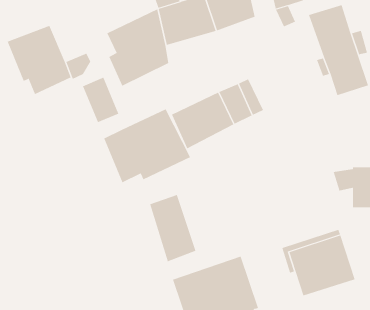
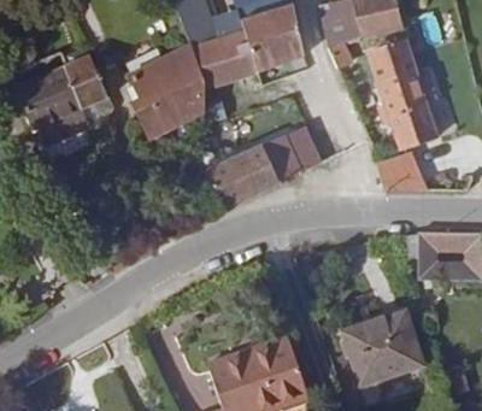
building: [82,77,119,123] -> [64,54,107,108]
building: none -> [376,153,425,190]
building: [104,109,191,183] -> none
building: [149,194,196,262] -> none

